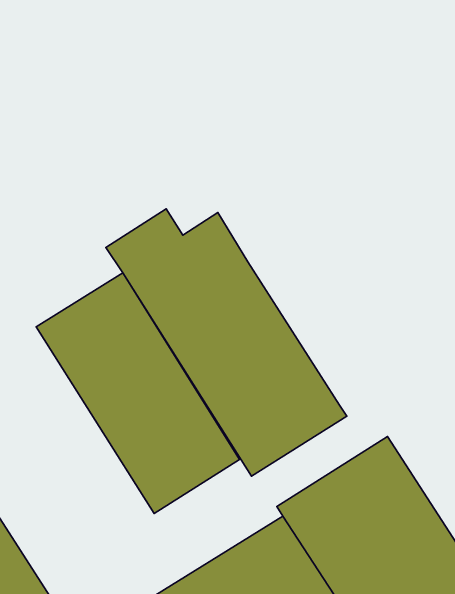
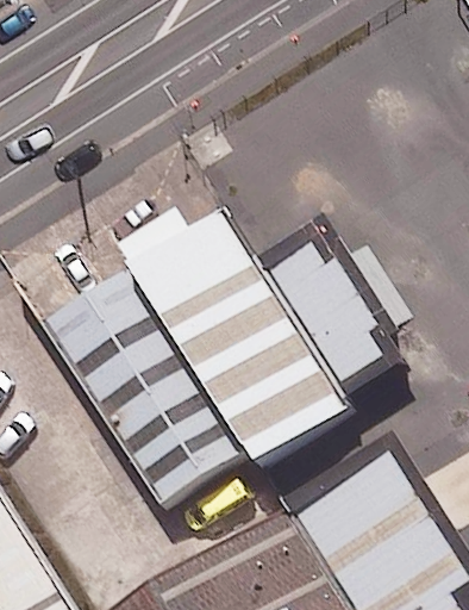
building: none -> [245,226,396,406]

